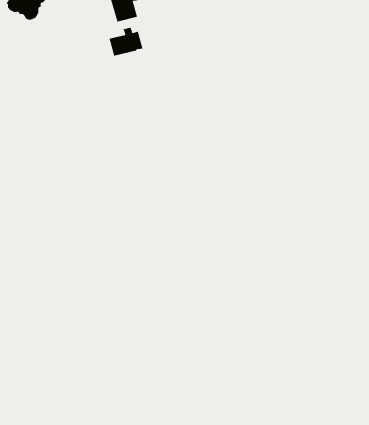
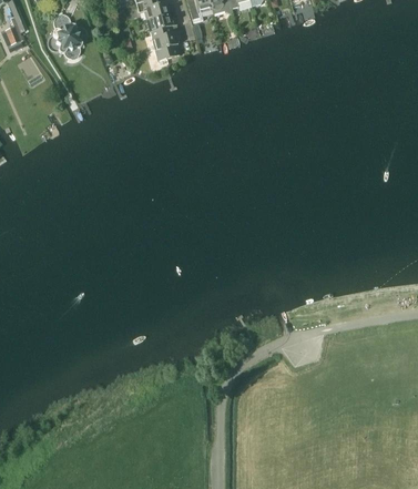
building: [109,27,143,57] -> none

